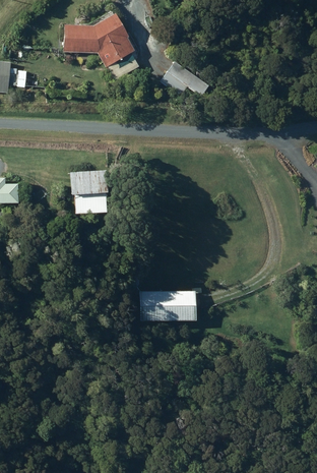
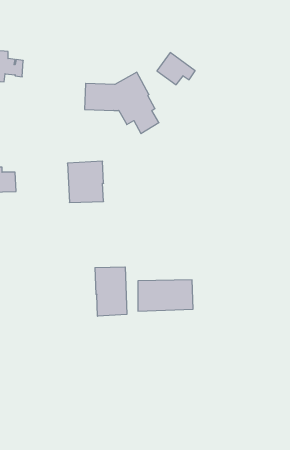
building: [63,13,138,75] -> [85,72,159,134]
building: none -> [95,267,127,316]

